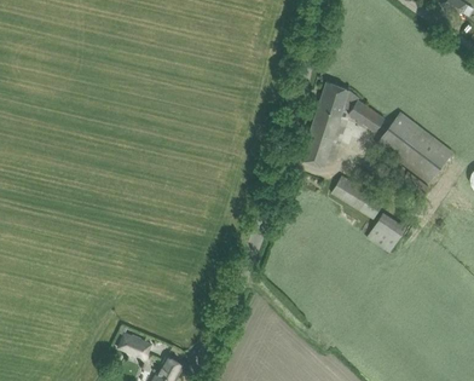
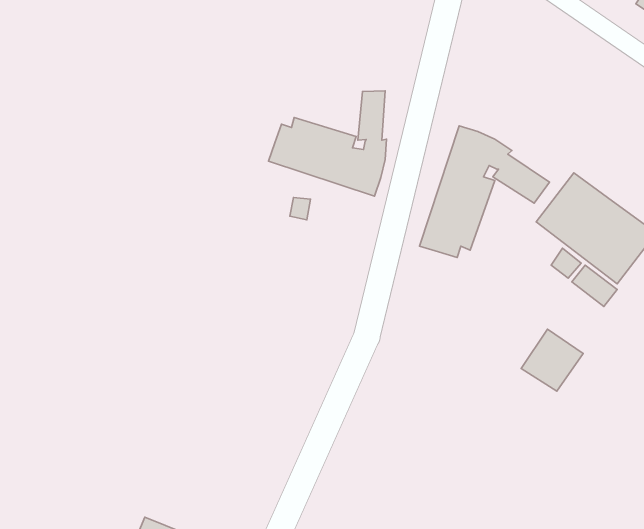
building: none -> [268,91,387,196]
building: [330,177,383,219] -> none

